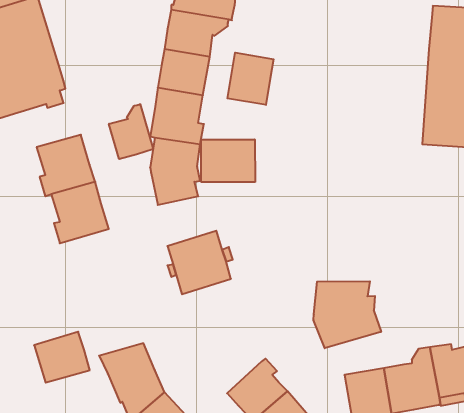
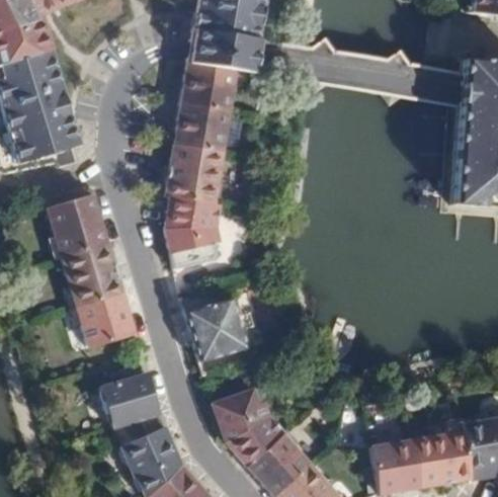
building: [227,53,274,105] -> none
building: [109,104,153,159] -> none
building: [201,139,255,182] -> none
building: none -> [71,293,135,346]
building: [314,281,381,348] -> none
building: none -> [212,389,283,466]
building: [34,332,90,383] -> [100,372,159,426]

